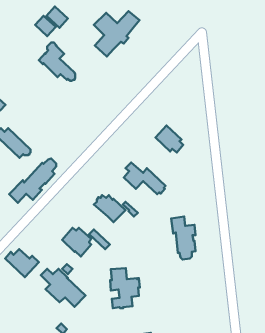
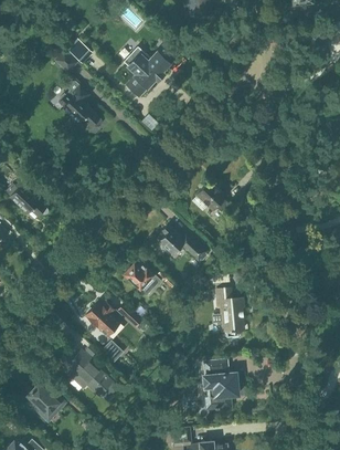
building: [9,159,56,203] -> none
building: [5,249,39,277] -> [22,386,62,419]
building: [110,268,140,308] -> [204,363,240,410]

